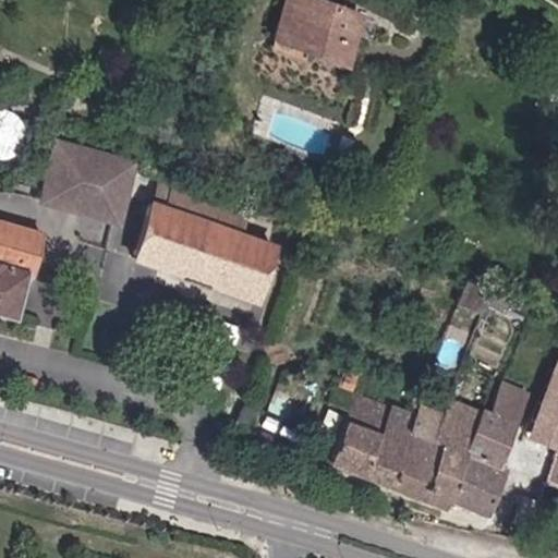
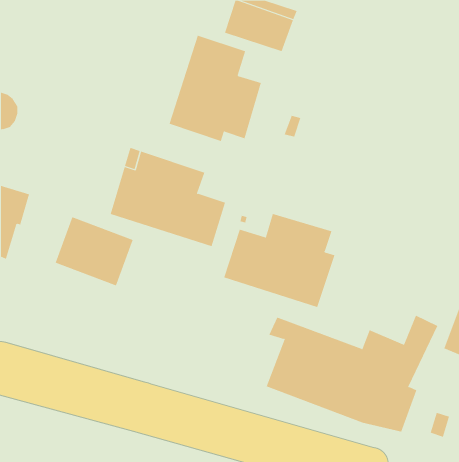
building: none -> [169,35,261,142]
building: [43,142,137,226] -> [55,216,134,286]
building: none -> [223,213,335,308]

